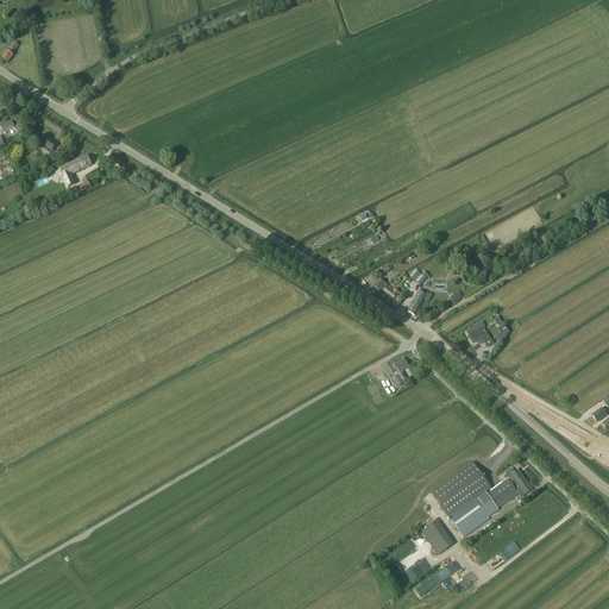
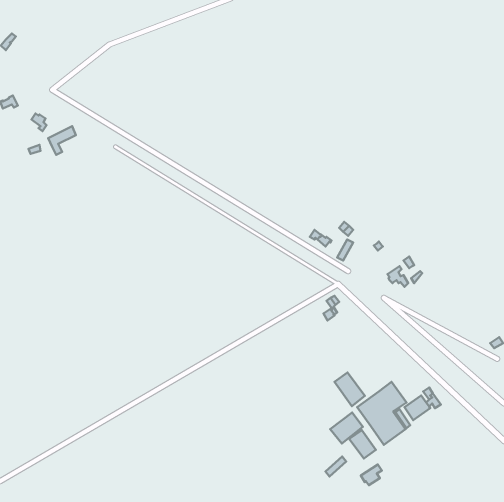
building: none -> [334,373,365,406]
building: none -> [330,413,363,443]

